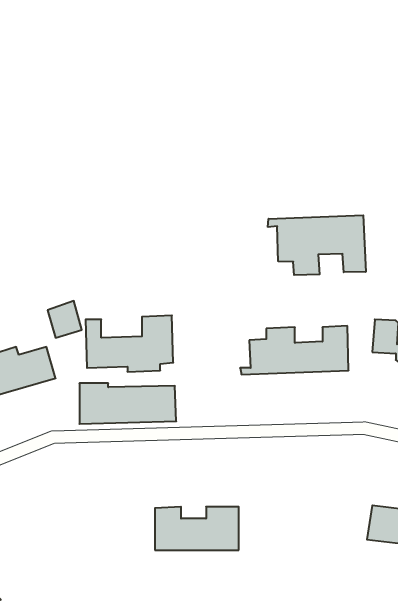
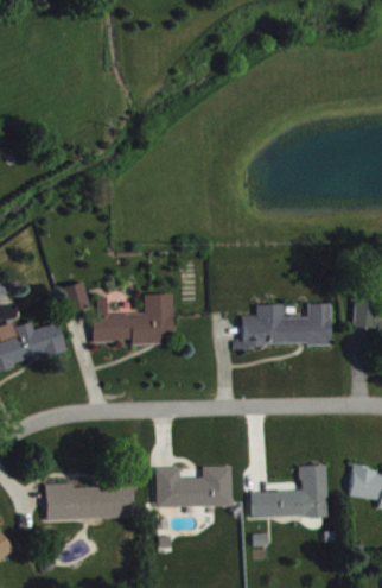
building: [268,215,366,275] -> none
building: [79,383,176,424] -> [45,483,133,520]
building: none -> [250,464,327,518]

